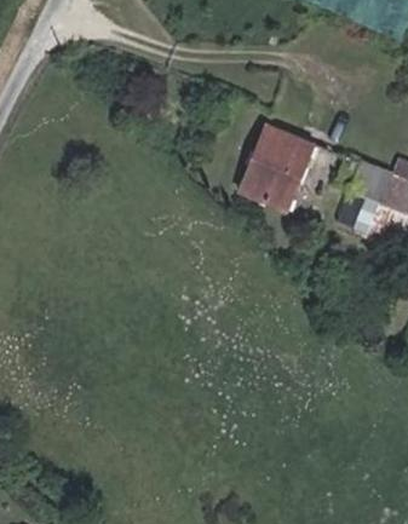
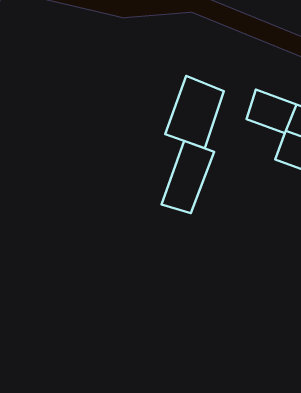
building: none -> [161,141,214,213]

